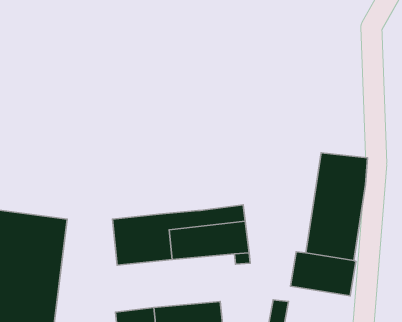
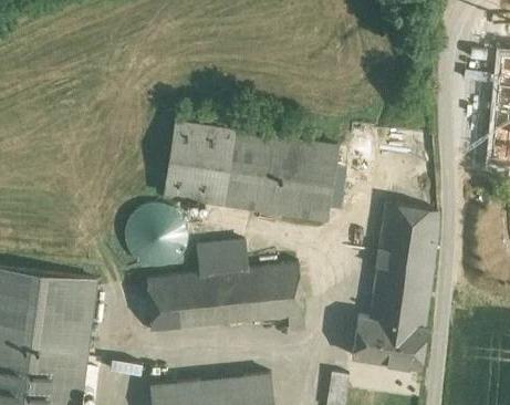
building: none -> [165,123,337,219]
building: none -> [125,204,188,268]
building: none -> [198,241,248,273]

